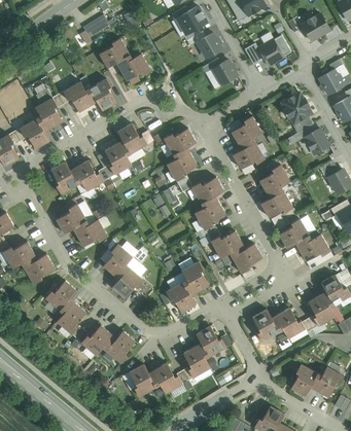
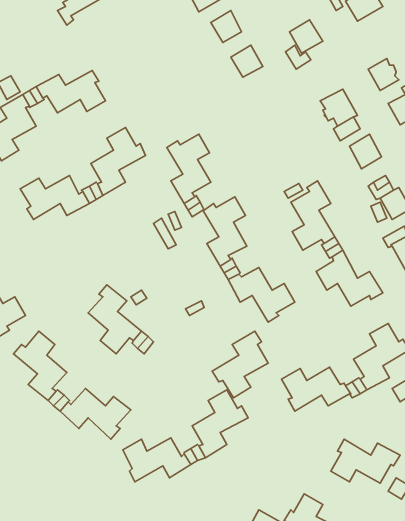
building: [98,37,150,80] -> none
building: [231,115,264,169] -> none
building: [56,203,107,246] -> none
building: [165,260,208,312] -> [212,331,268,398]

